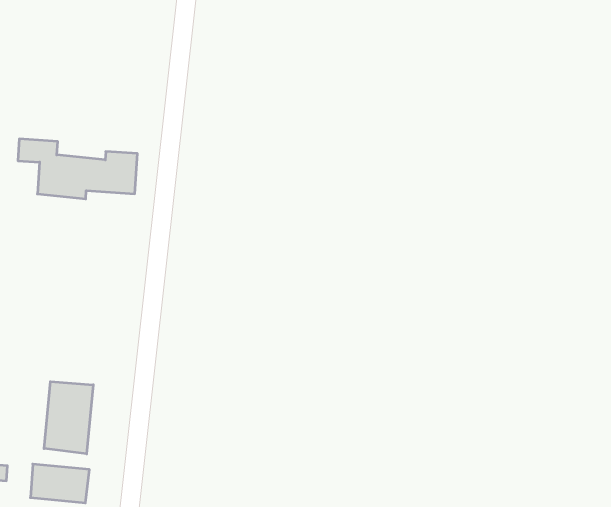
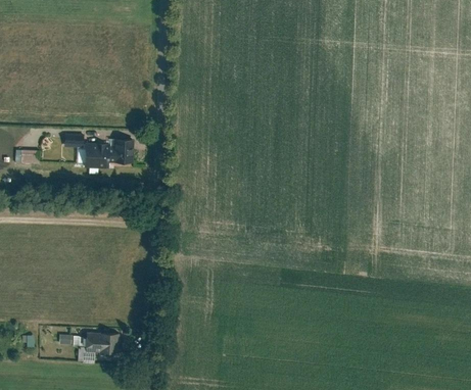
building: [44,382,93,454] -> none

